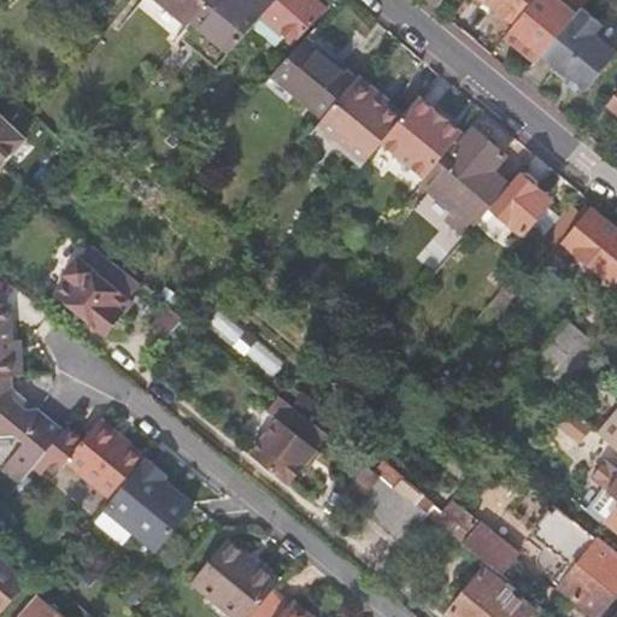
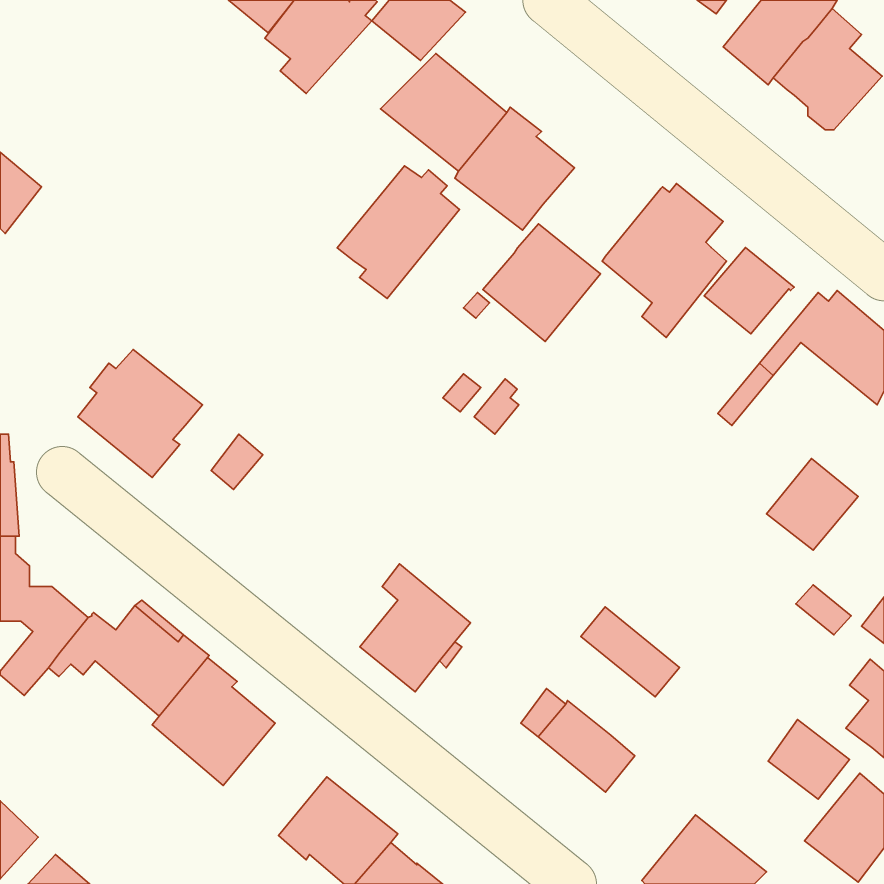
building: [378,96,460,178] -> [483,224,601,341]
building: none -> [337,166,459,298]
building: [463,522,531,584] -> [581,607,679,697]

